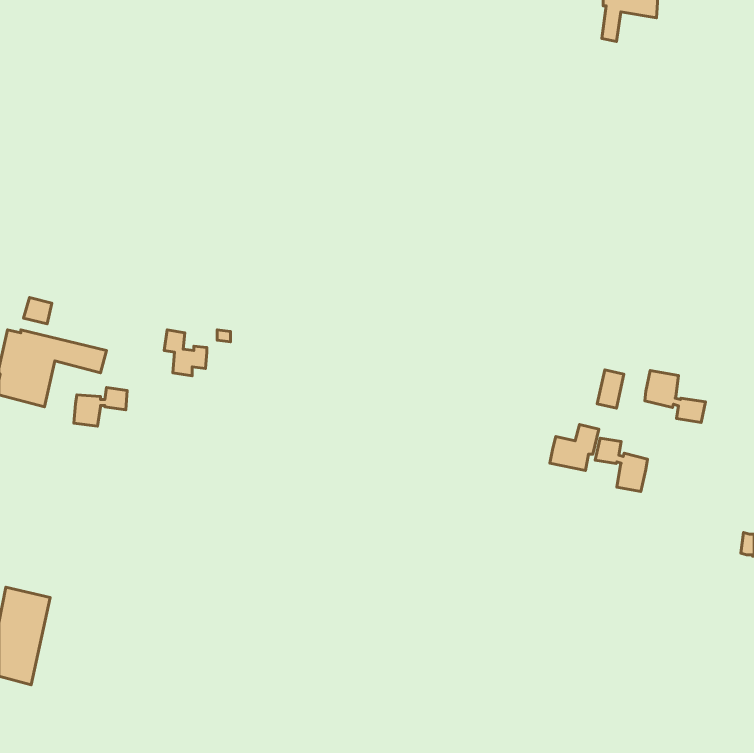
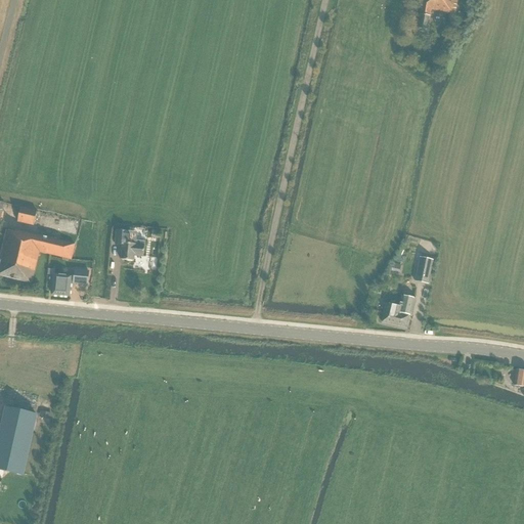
building: [645,371,706,422] -> none
building: [595,438,648,491] -> none

